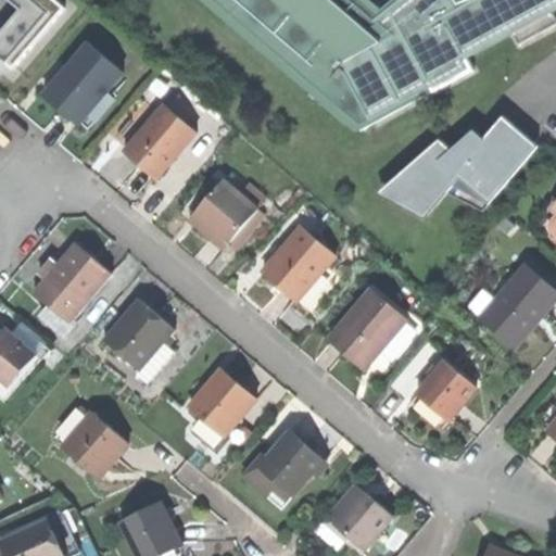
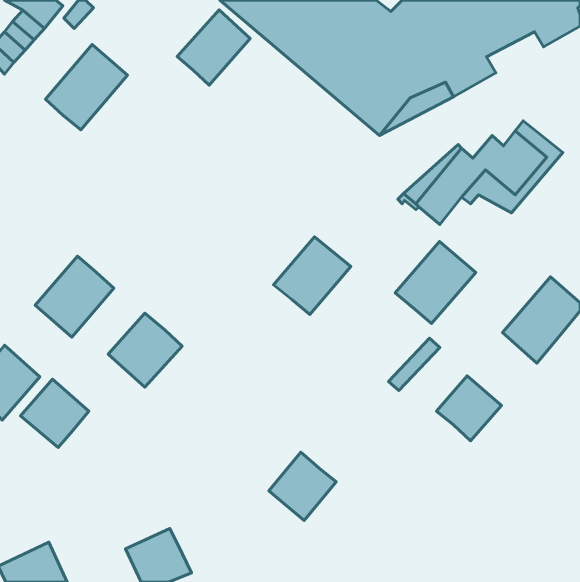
building: [125,106,194,178] -> [177,10,250,85]
building: [197,182,257,244] -> none
building: [327,290,404,368] -> [395,242,476,324]
building: [189,369,256,437] -> none
building: [61,413,126,478] -> [20,379,89,448]
building: [331,490,392,549] -> none

